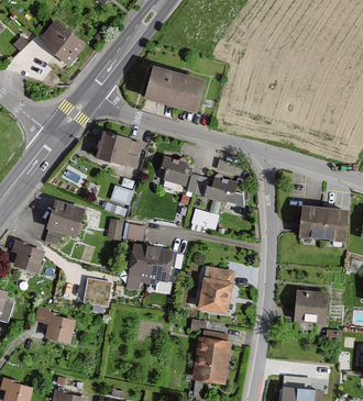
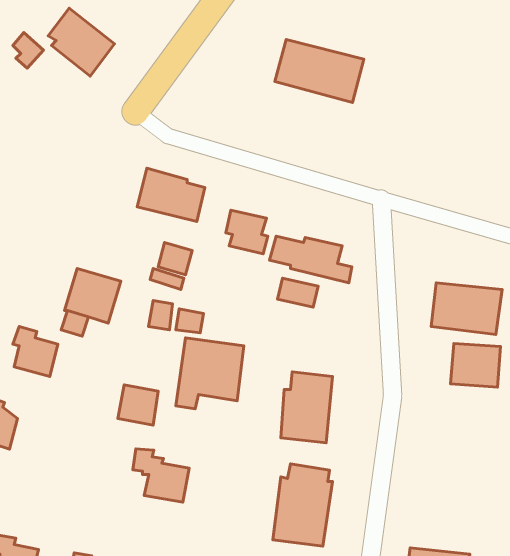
building: [139,70,199,113] -> [275,40,364,103]
building: [294,292,328,322] -> [451,343,501,387]
building: [35,308,74,344] -> [133,449,189,502]

